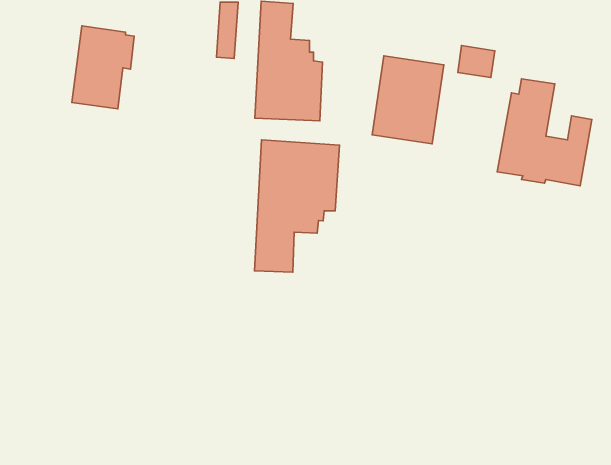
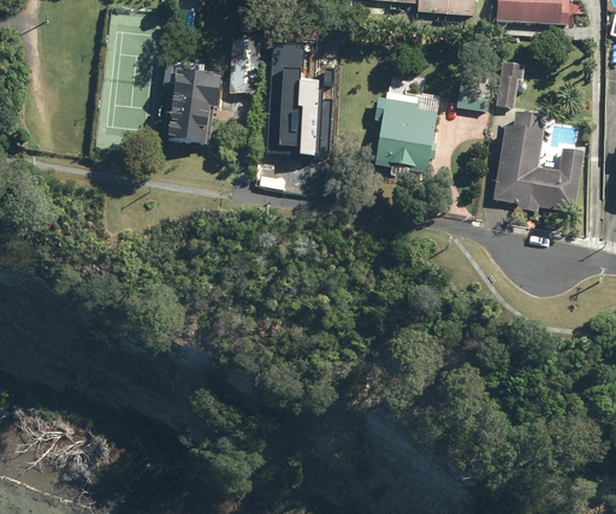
building: none -> [496,61,525,107]
building: [72,26,134,109] -> [162,65,221,143]
building: [254,140,339,272] -> none

